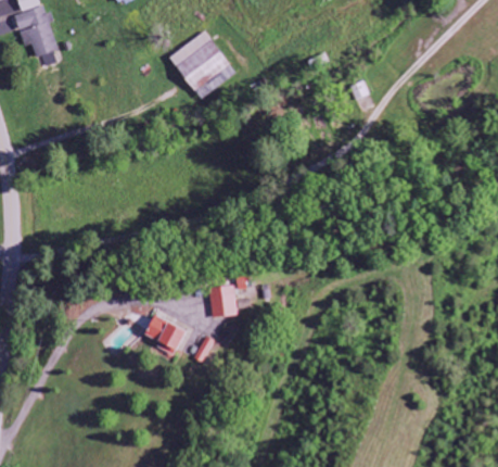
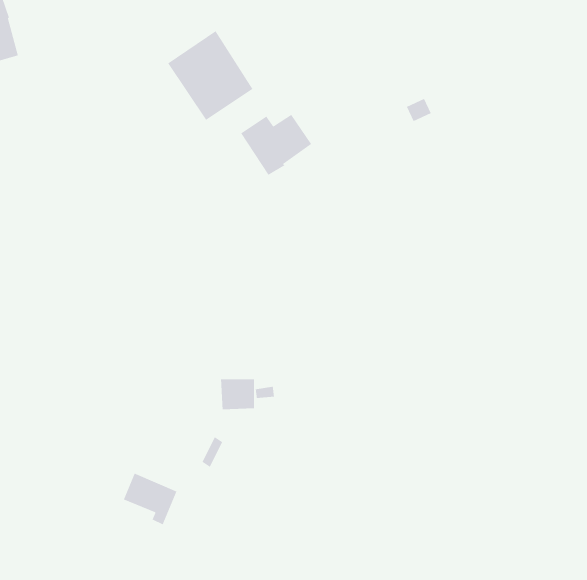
building: none -> [240,114,312,176]
building: [143,316,184,356] -> [123,472,177,526]

